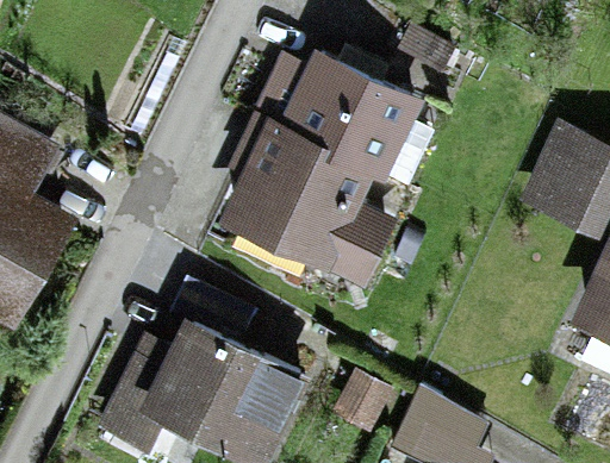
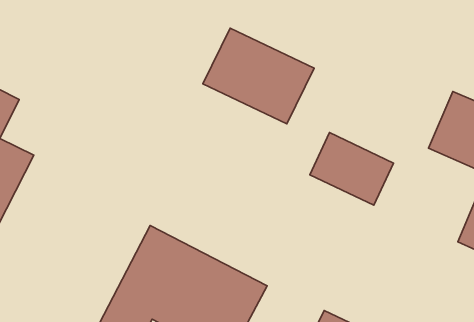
building: [223,125,394,290] -> none
building: none -> [310,132,393,205]

